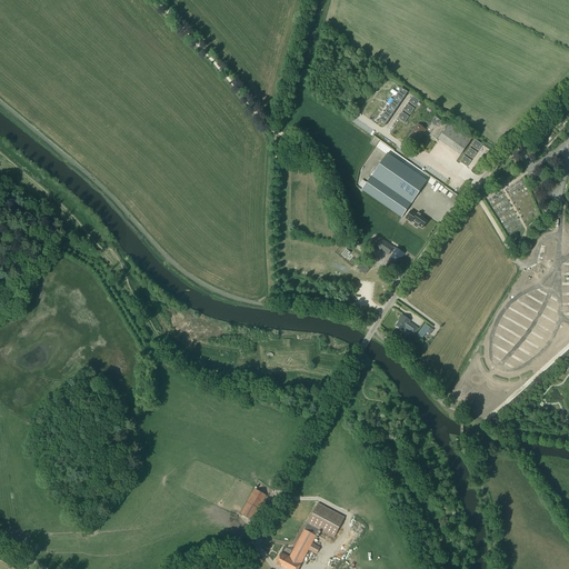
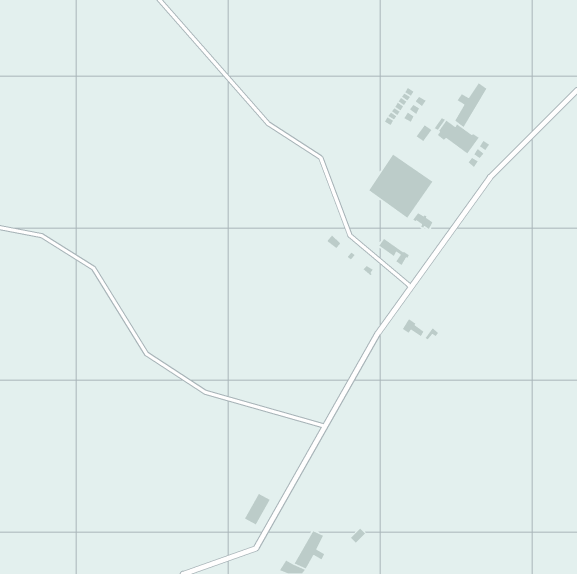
building: none -> [454,82,488,128]
building: [308,501,345,536] -> none

